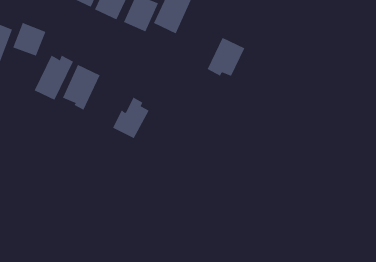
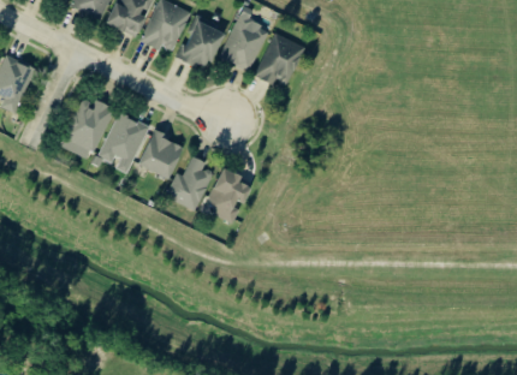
building: [13,22,46,56] -> none
building: [207,37,245,76] -> [254,32,304,84]
building: none -> [138,132,183,178]
building: none -> [203,167,251,222]

